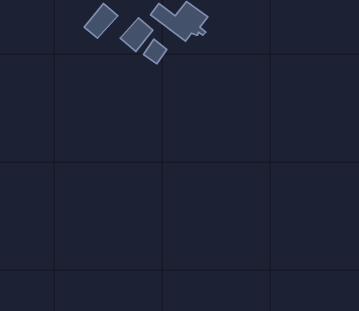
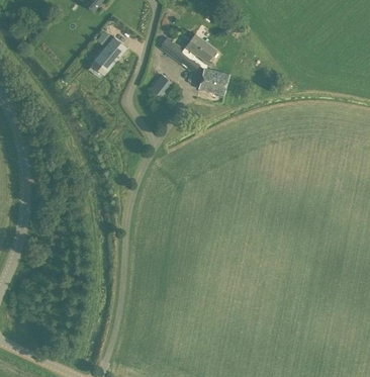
building: [120,18,153,52] -> none
building: none -> [196,67,228,95]

